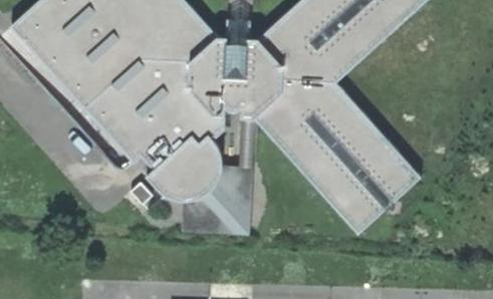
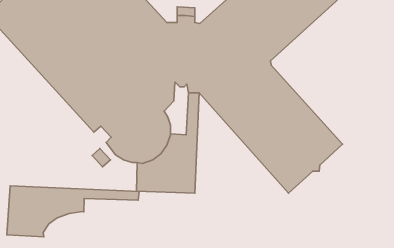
building: none -> [7,186,139,237]

